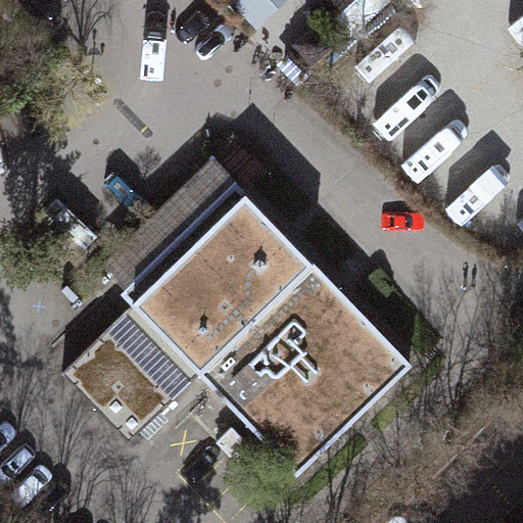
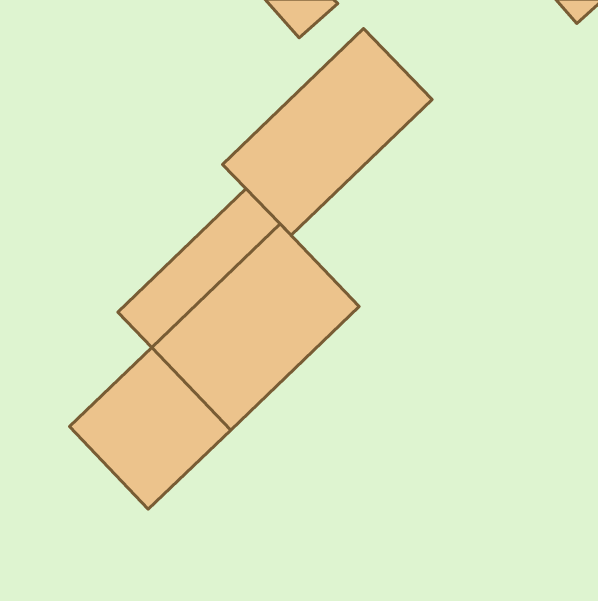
building: none -> [223,29,432,235]
building: [203,266,409,470] -> none

